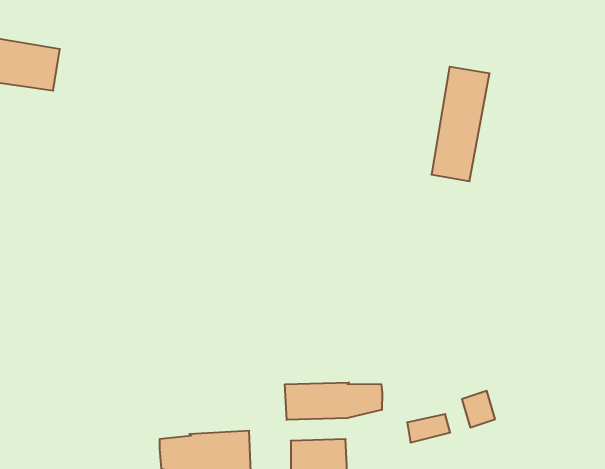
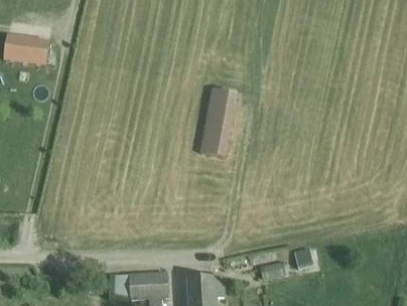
building: [431,67,490,181] -> [199,87,235,156]
building: [285,382,382,420] -> none

